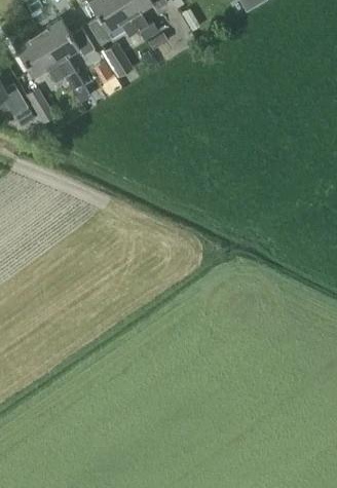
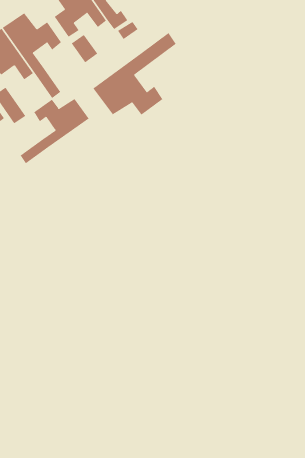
building: none -> [92,32,177,116]
building: none -> [20,98,90,164]

